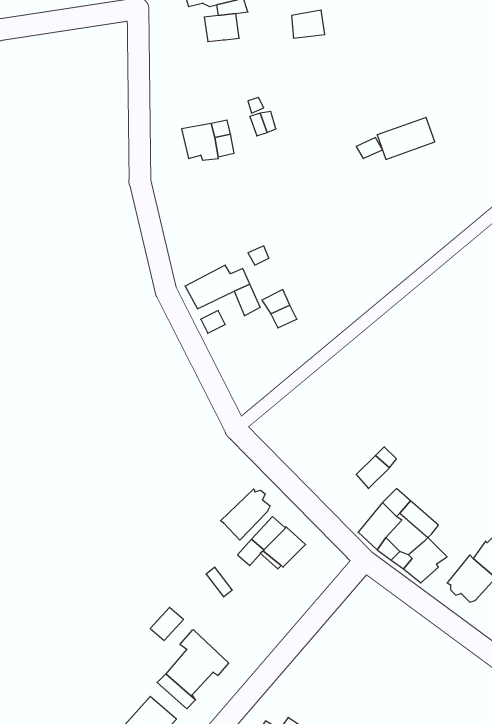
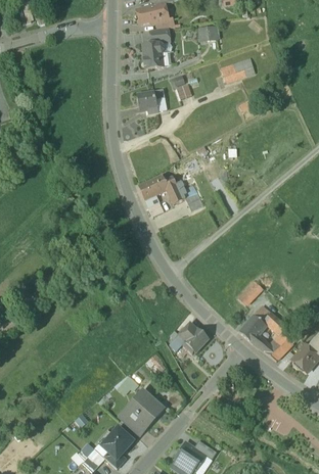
building: none -> [142,42,166,67]
building: [377,117,435,159] -> [221,57,255,82]
building: [221,489,270,540] -> none

